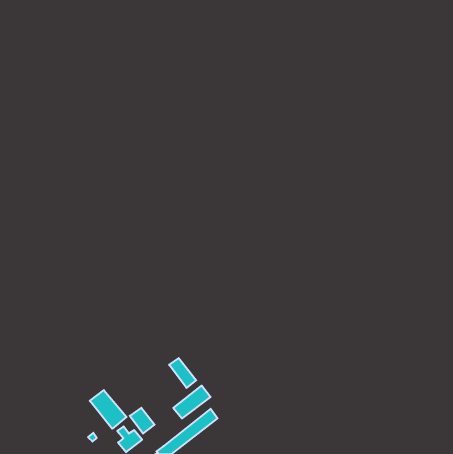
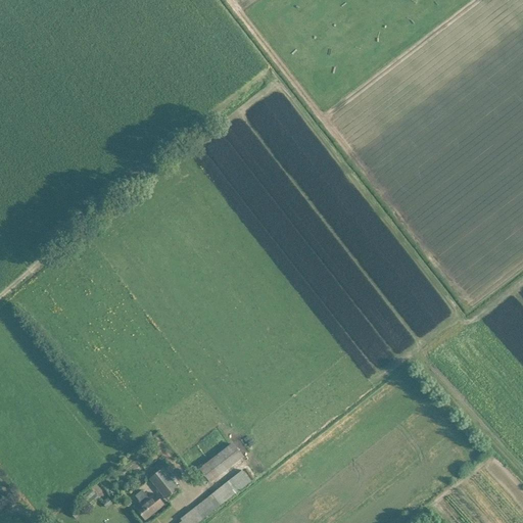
building: [169,358,196,388] -> none
building: [90,390,127,429] -> none

